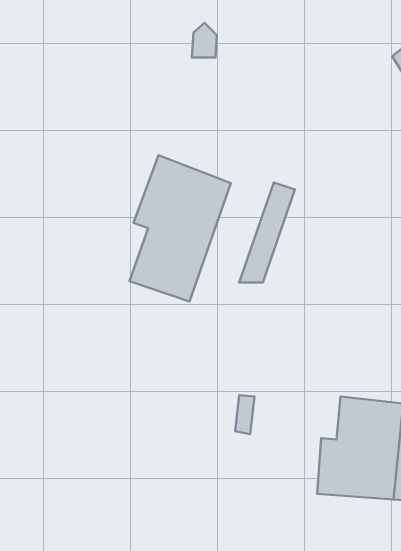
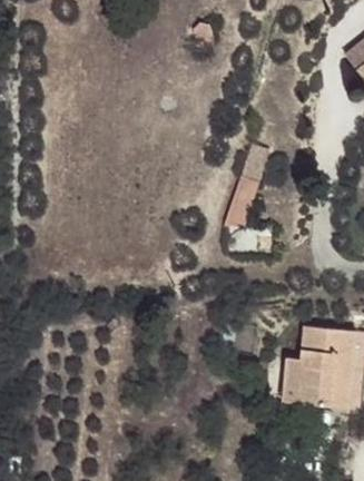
building: [129,155,231,301] -> none

